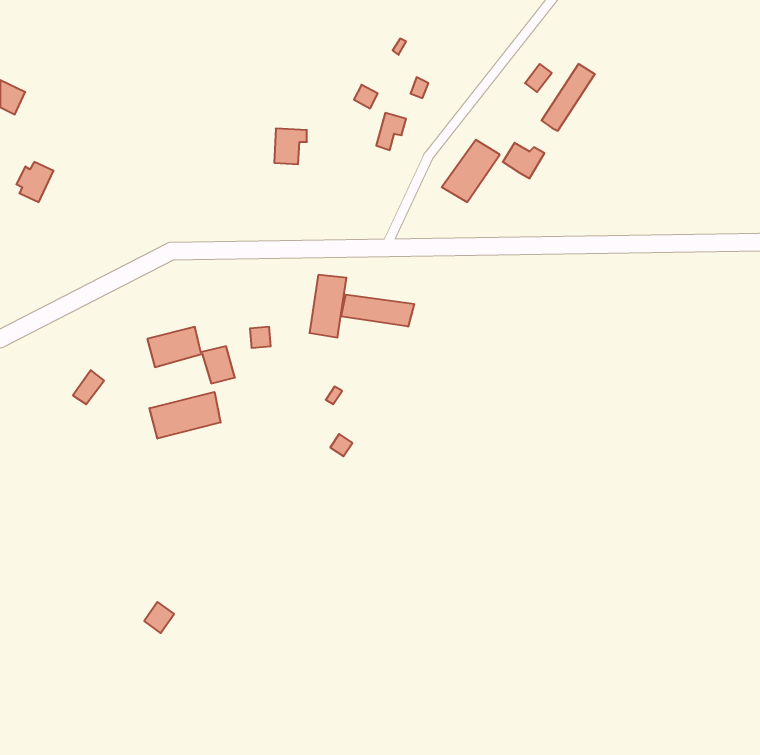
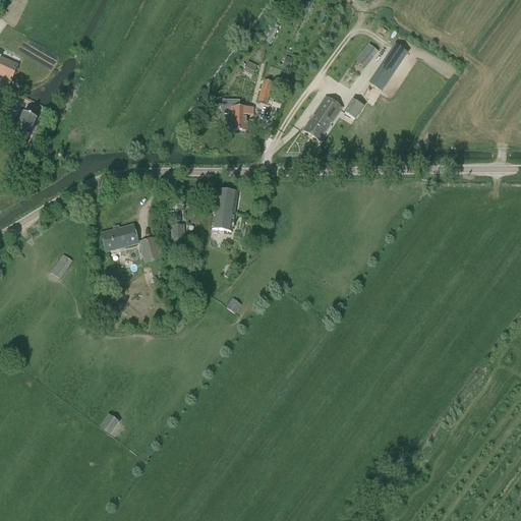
building: [274,129,307,164] -> [230,105,252,129]
building: [341,295,414,327] -> none
building: [149,392,221,439] -> none

